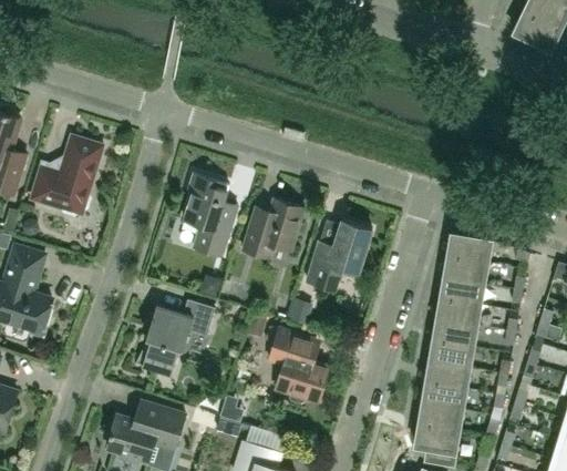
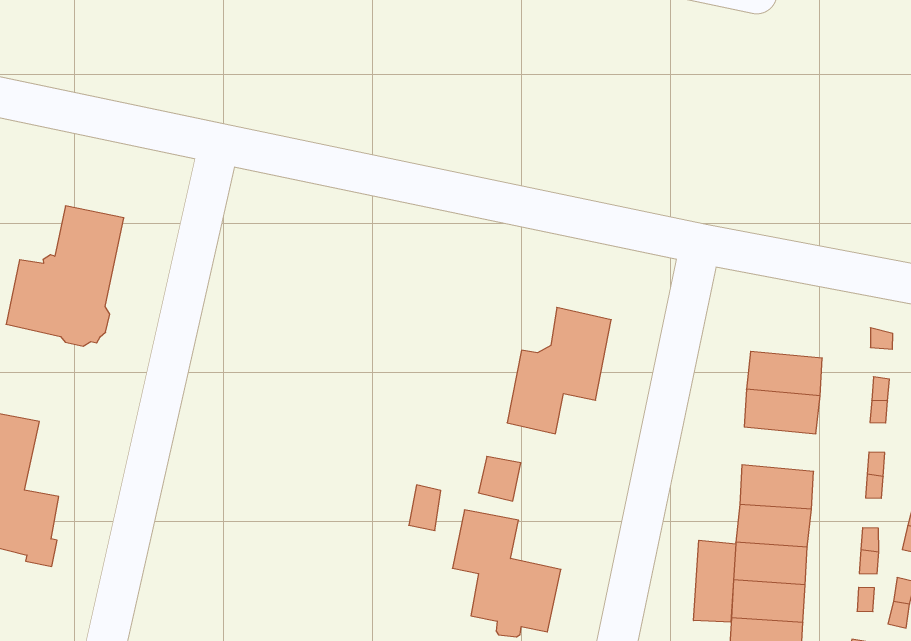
building: [183,174,237,256] -> none
building: [241,198,303,258] -> none
building: [447,234,491,263] -> none
building: [436,297,480,326] -> none
building: [135,299,215,375] -> none
building: none -> [694,540,736,622]

